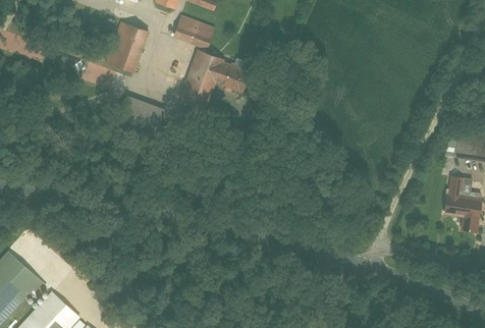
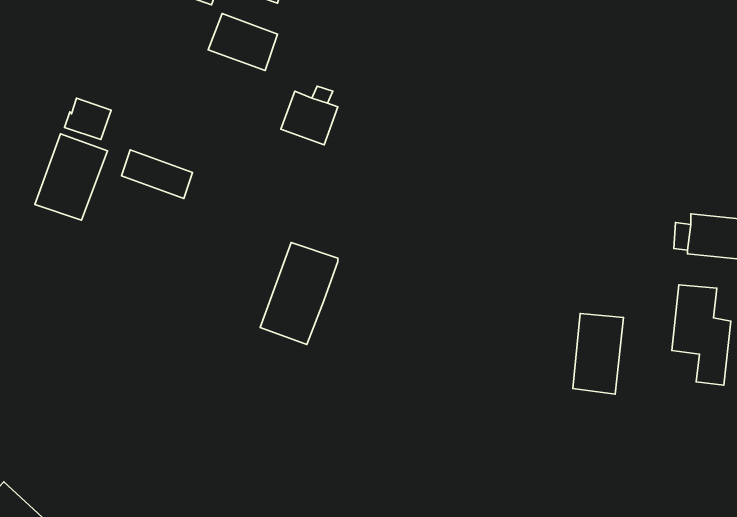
building: [105,21,148,72] -> [35,134,107,220]
building: [177,50,223,110] -> [260,243,338,345]
building: none -> [573,314,623,394]

